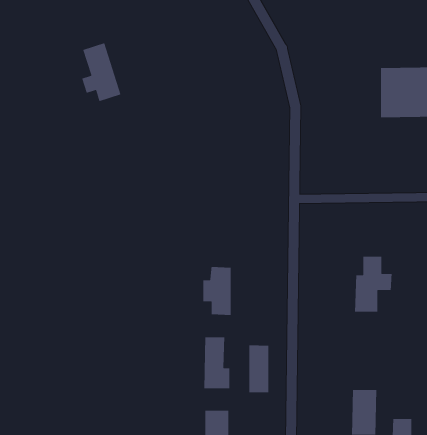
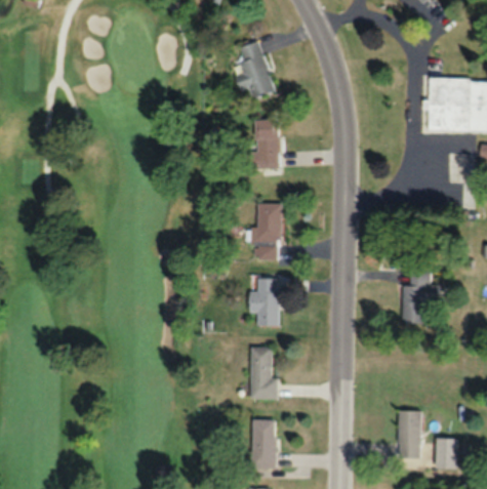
building: [81,42,121,102] -> [236,41,276,100]
building: none -> [254,120,281,173]
building: none -> [255,203,281,260]
building: [249,345,269,393] -> none

